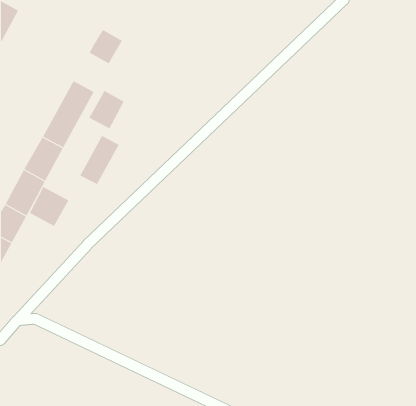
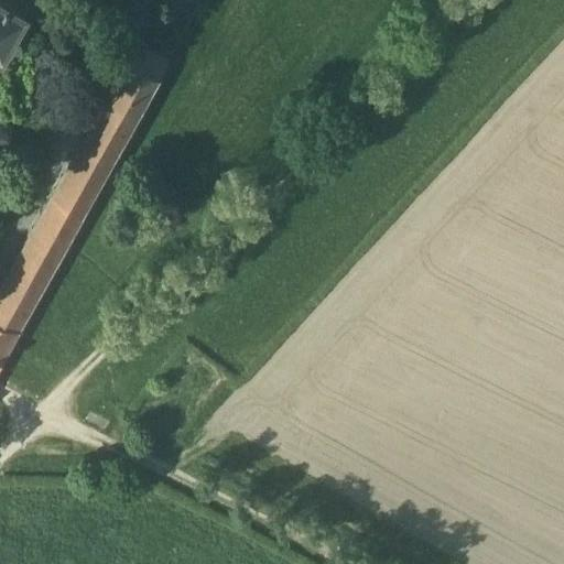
building: [89,90,124,129] -> [99,85,148,138]
building: [79,135,119,185] -> none
building: [29,186,69,227] -> none

